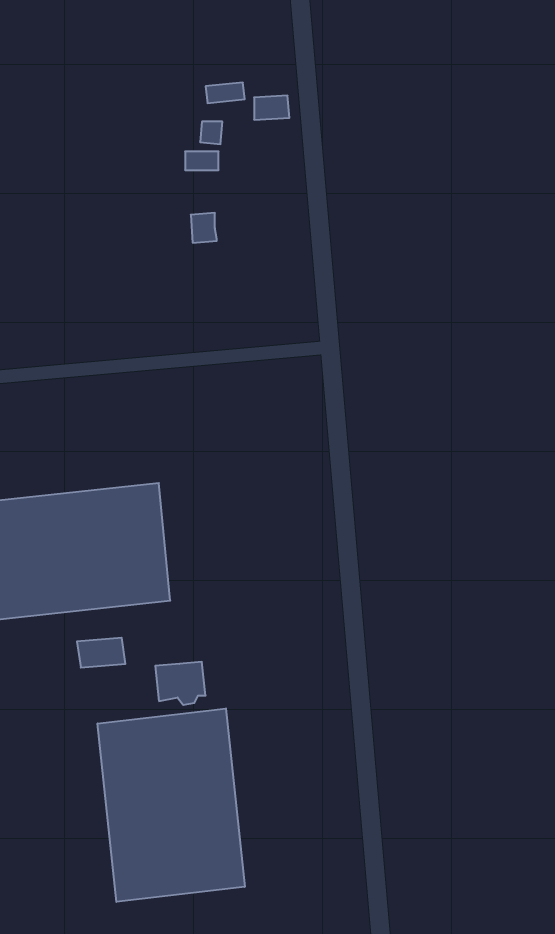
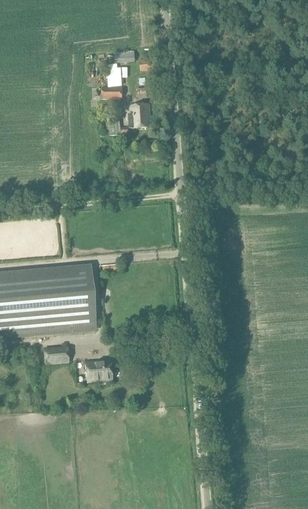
building: none -> [130,101,152,125]
building: [98,708,245,902] -> none

